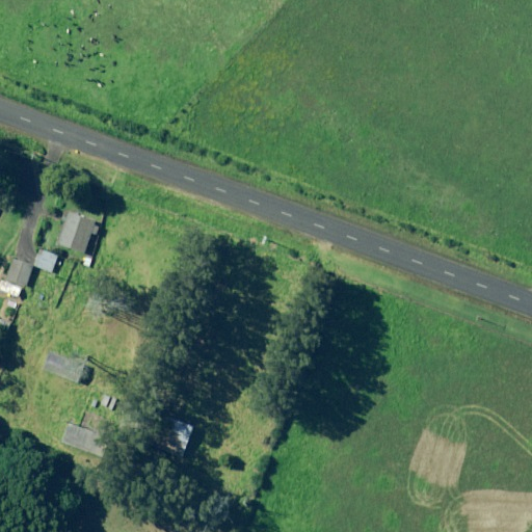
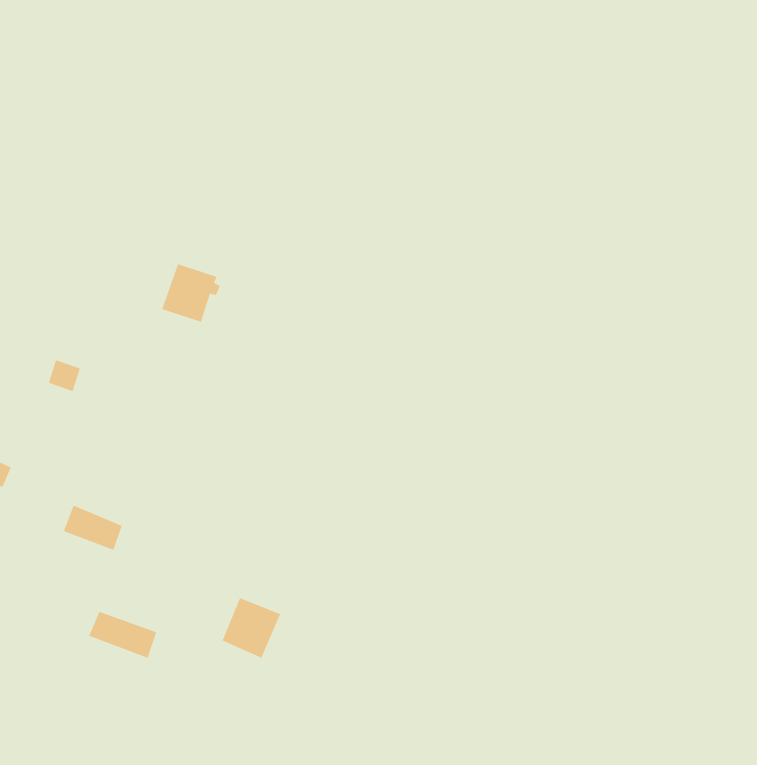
building: [57,211,99,252] -> [161,263,221,323]
building: [5,259,32,287] -> none

